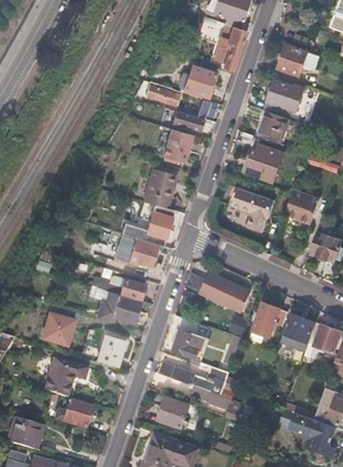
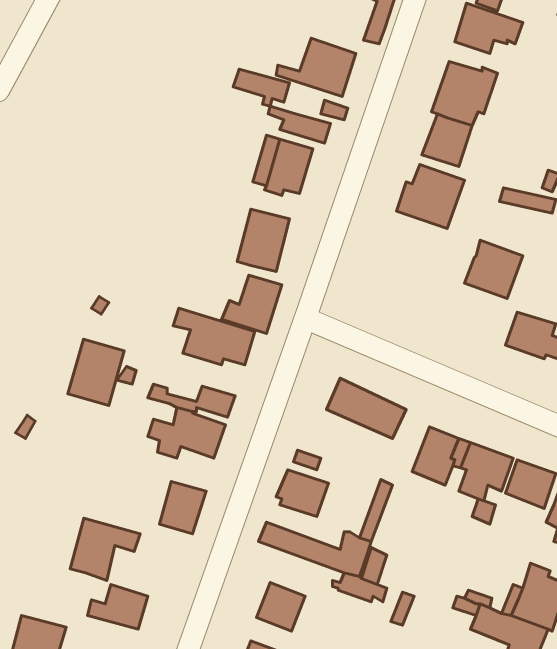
building: [233,187,275,231] -> none
building: [43,307,77,347] -> [68,339,124,405]

